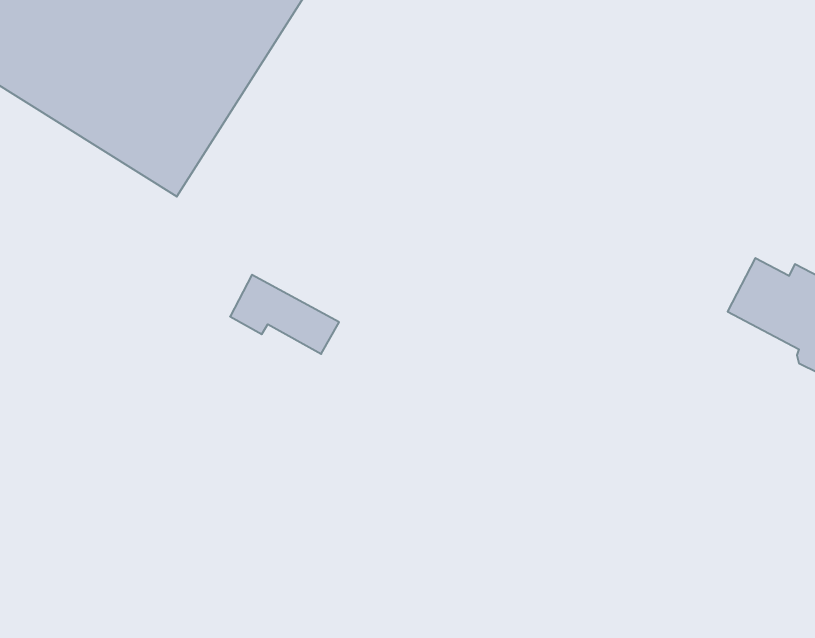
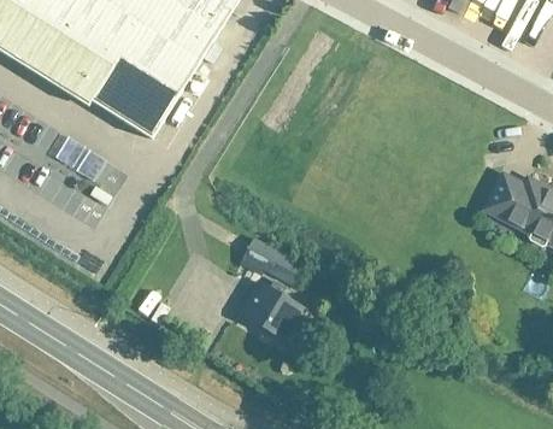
building: [230,275,339,354] -> [240,237,306,286]
building: none -> [241,281,304,340]

